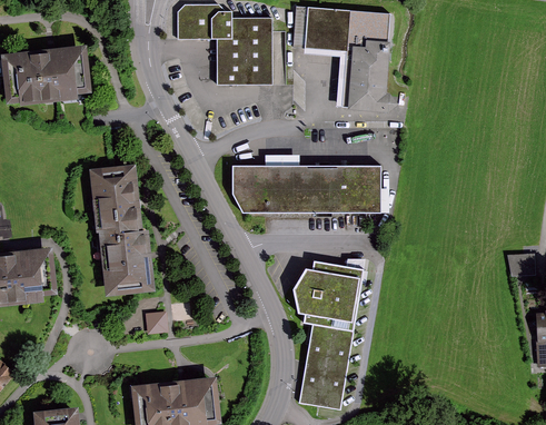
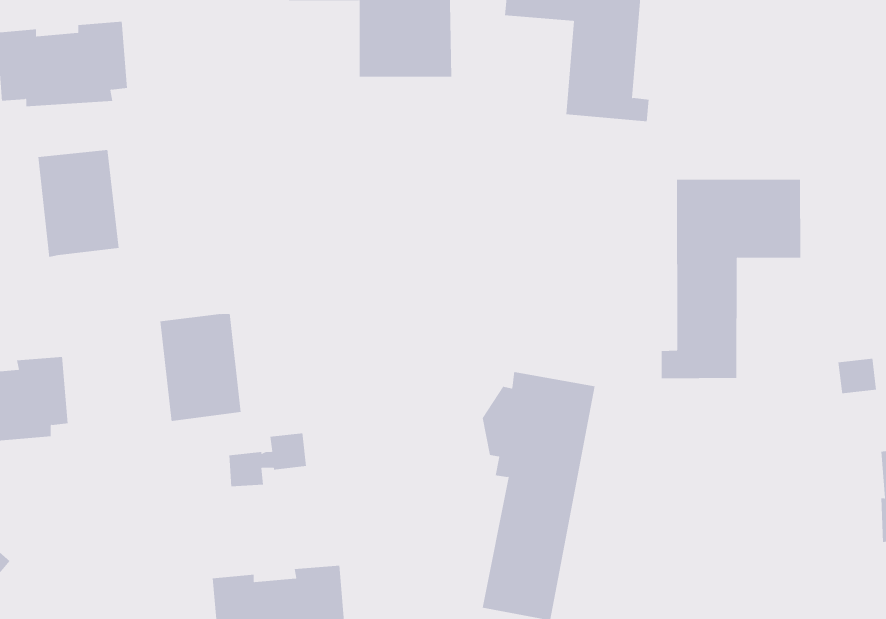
building: none -> [661,179,801,379]
building: [229,166,378,214] -> none
building: [90,167,139,231] -> [37,149,119,257]

